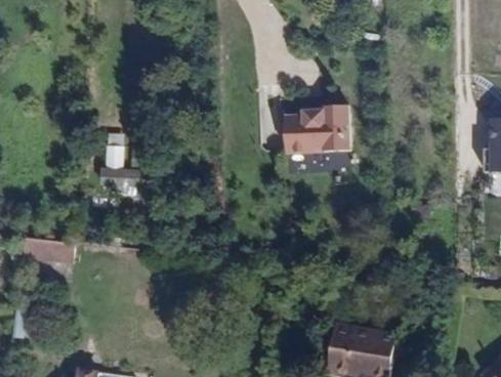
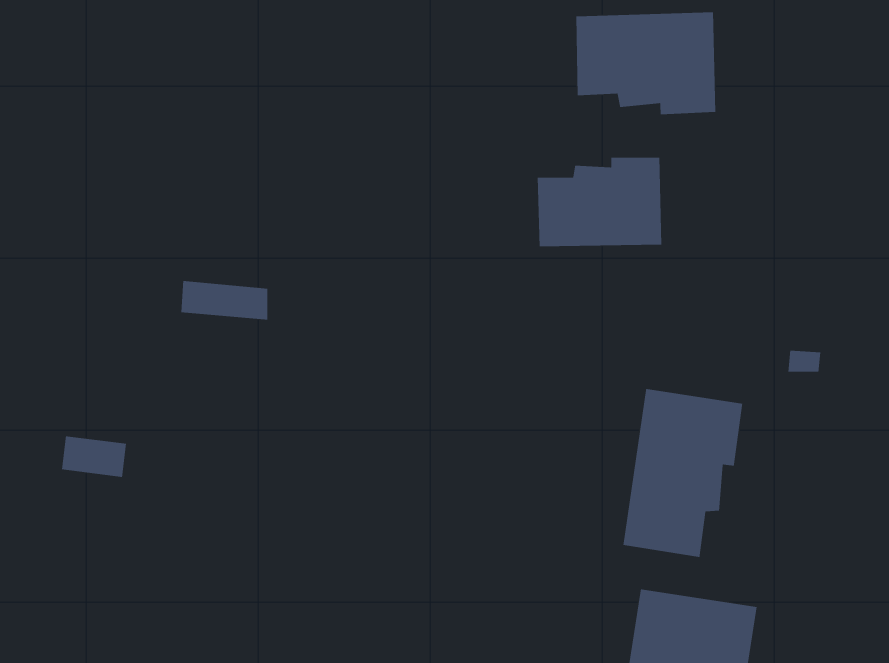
building: none -> [576,12,716,115]
building: none -> [623,388,743,558]

